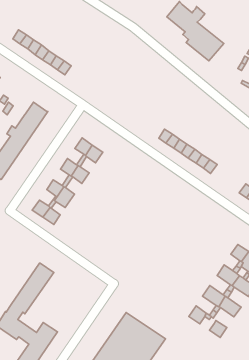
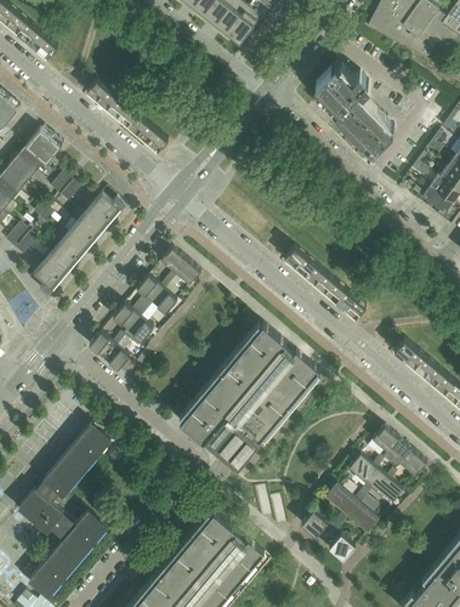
building: none -> [178,320,322,467]

